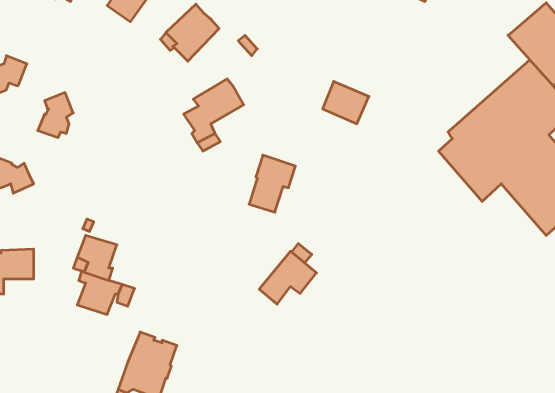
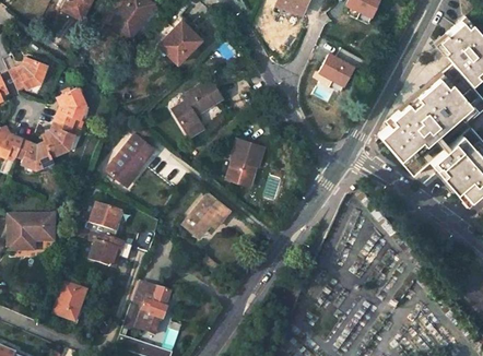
building: [323,81,369,124] -> [316,50,353,84]
building: none -> [45,120,76,158]
building: none -> [108,124,154,187]
building: [259,251,317,304] -> [184,194,229,237]
building: none -> [54,272,92,322]

